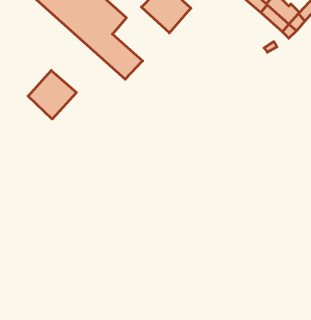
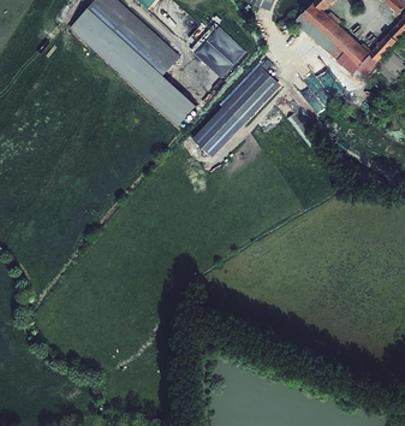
building: none -> [193,59,280,155]
building: [28,70,76,119] -> none

